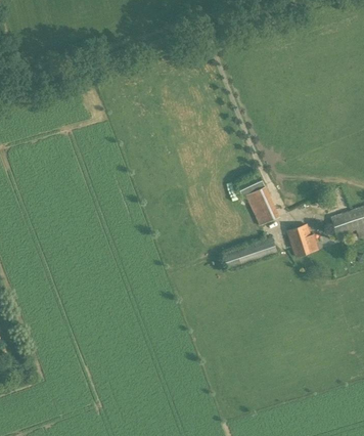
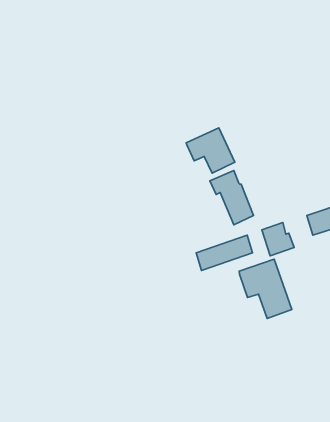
building: none -> [186,128,235,173]
building: none -> [239,259,292,318]

